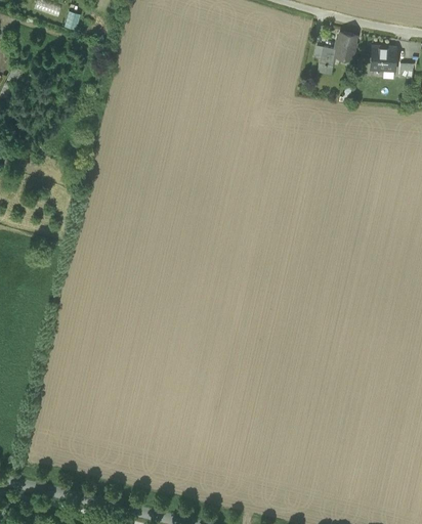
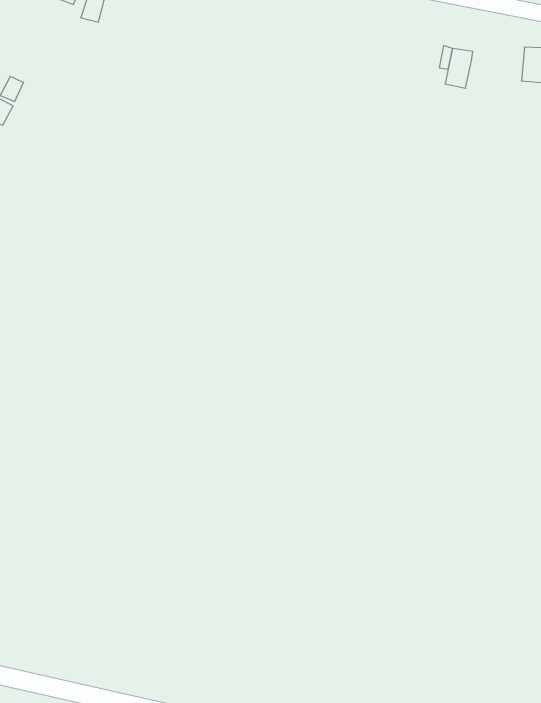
building: [336,33,357,58] -> none

